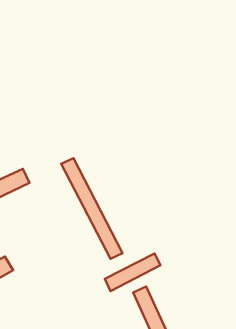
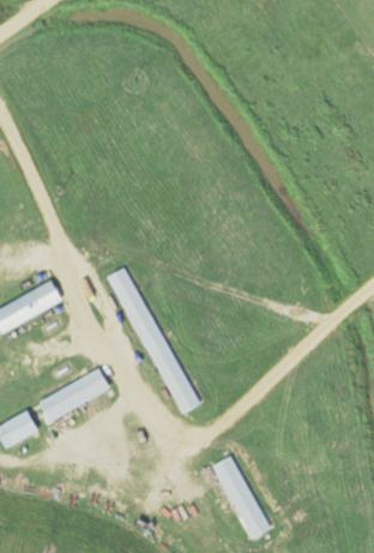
building: none -> [38,369,110,421]
building: [105,254,161,291] -> none

